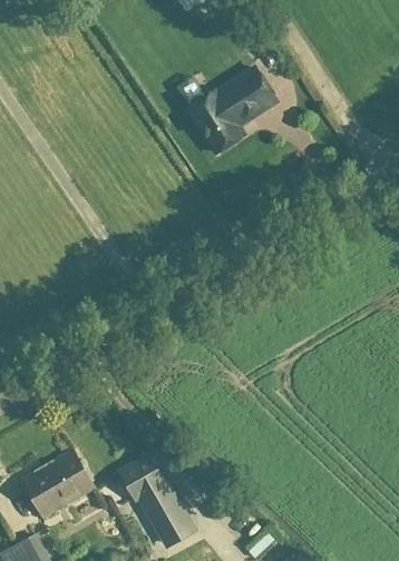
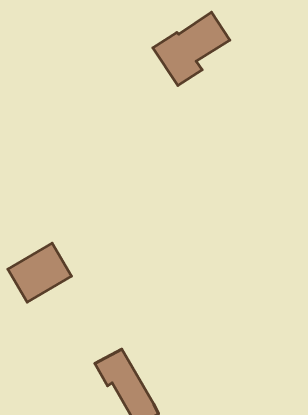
building: [21,451,95,519] -> [8,243,71,302]

